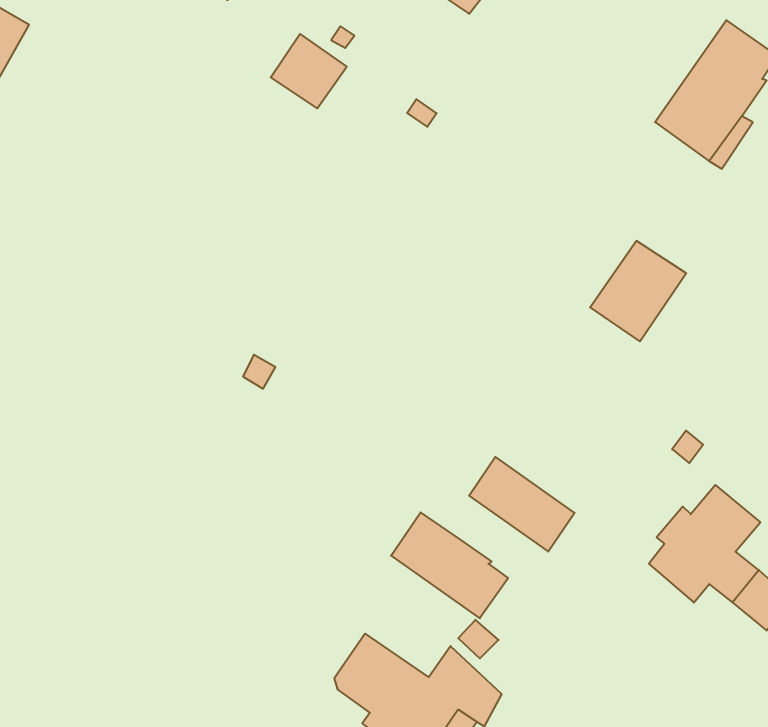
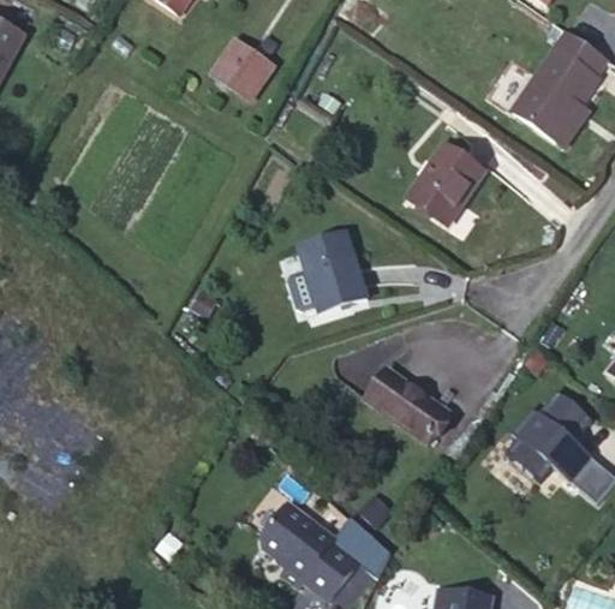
building: [590,241,686,341] -> [408,145,483,223]
building: none -> [298,232,368,312]
building: [391,512,508,618] -> none

